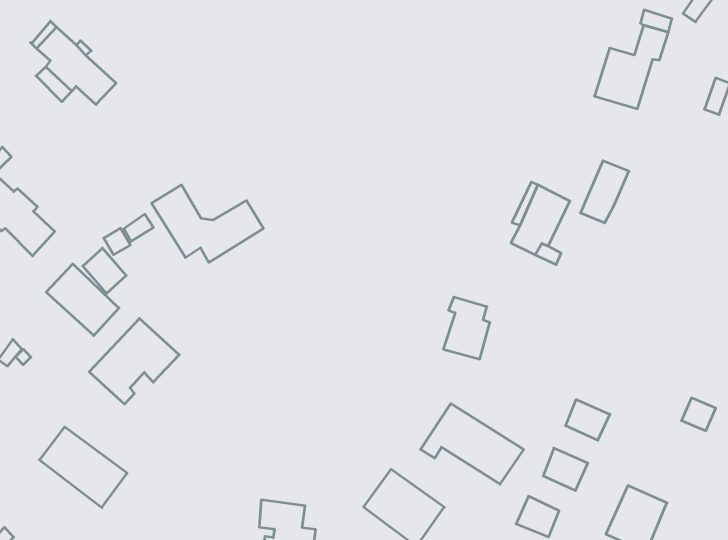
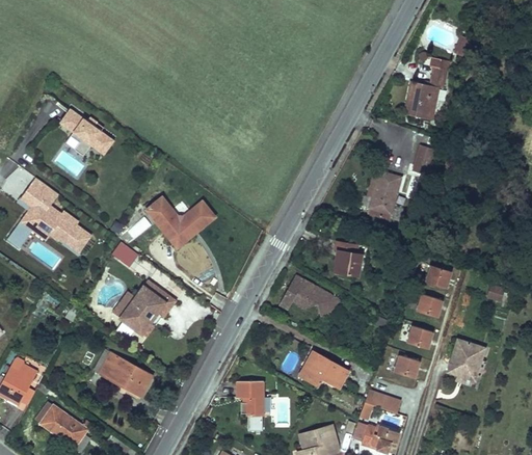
building: [46,264,119,336] -> none
building: none -> [423,264,449,288]
building: [420,404,524,484] -> [277,275,340,320]

